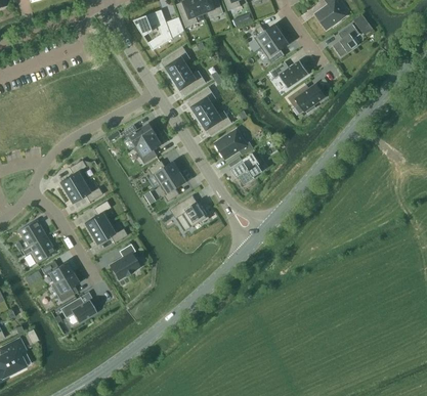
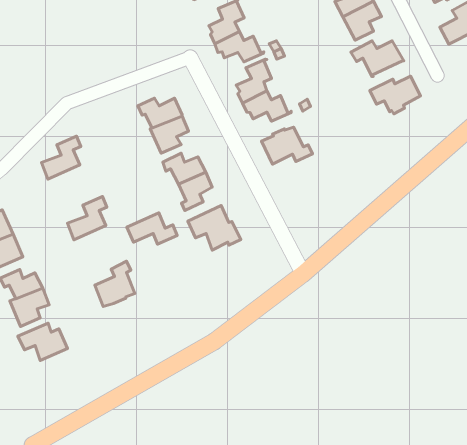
building: [230,153,261,185] -> none
building: [66,179,102,203] -> none
building: [90,220,127,244] -> [127,213,177,244]

